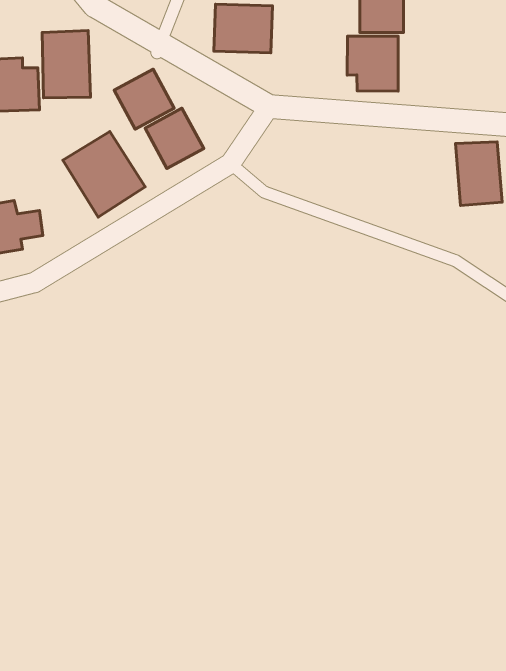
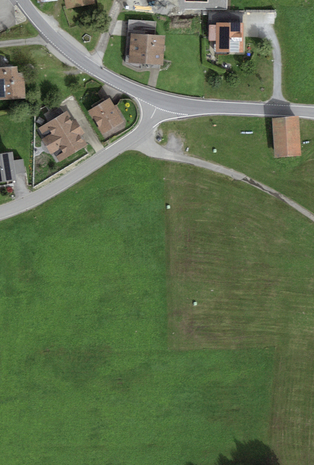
building: [42,31,90,98] -> none
building: [347,36,398,91] -> none
building: [114,69,174,129] -> none

